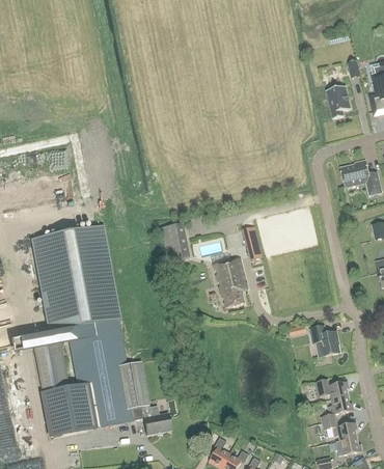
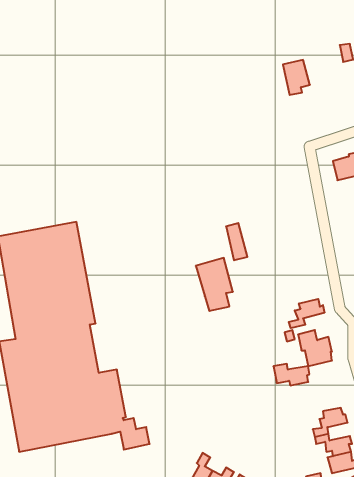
building: [326,85,351,117] -> [283,60,310,95]
building: [161,222,190,259] -> none
building: none -> [289,299,324,328]
building: [316,379,349,398] -> [273,364,309,385]

